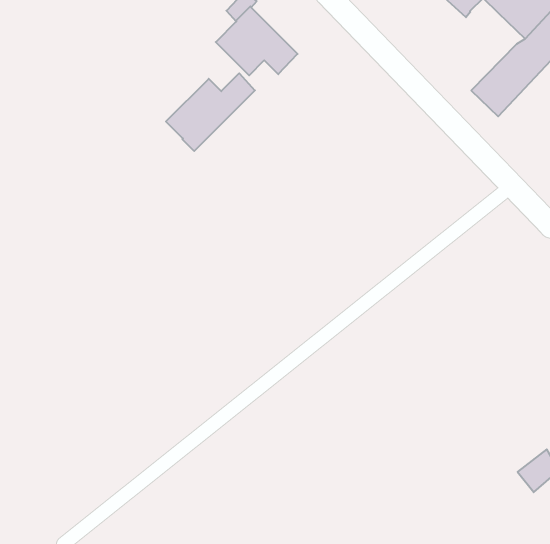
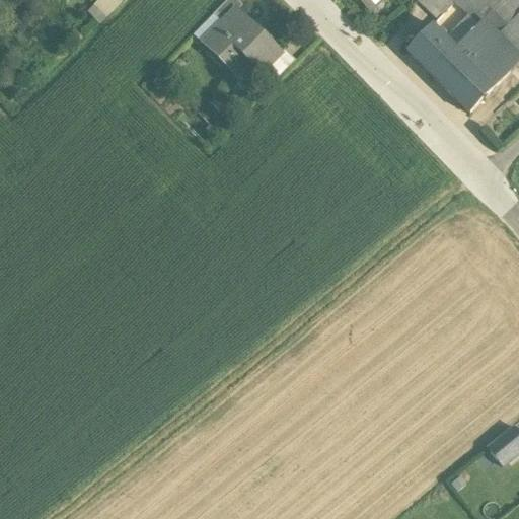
building: none -> [406,12,495,85]
building: [166,73,255,151] -> none

